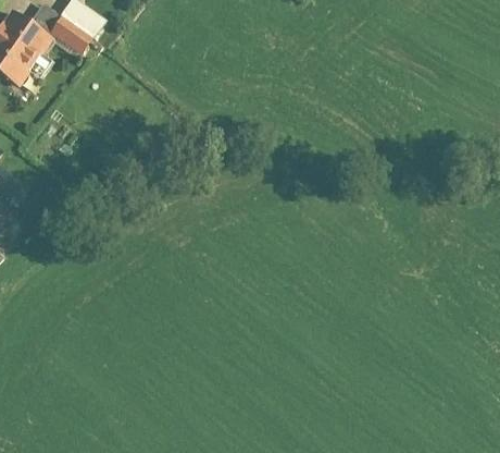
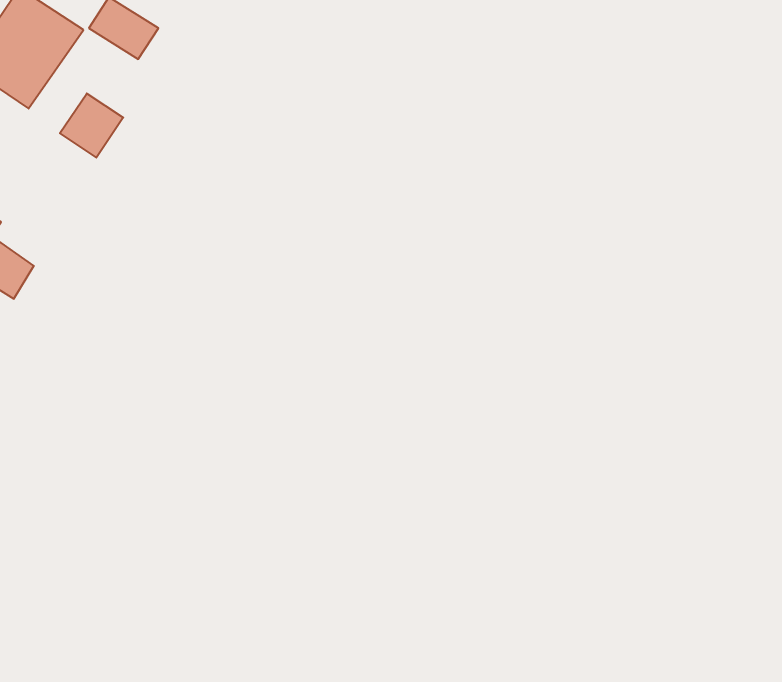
building: none -> [60,93,123,158]

